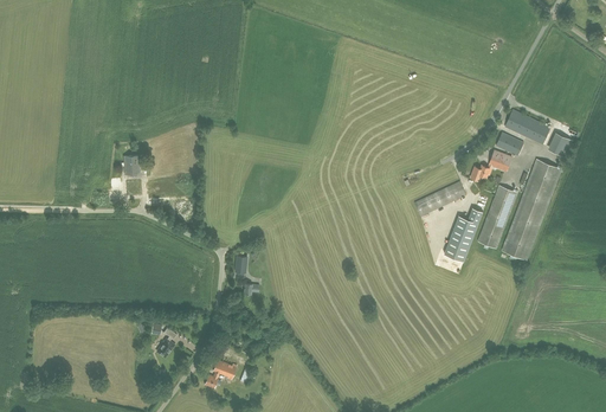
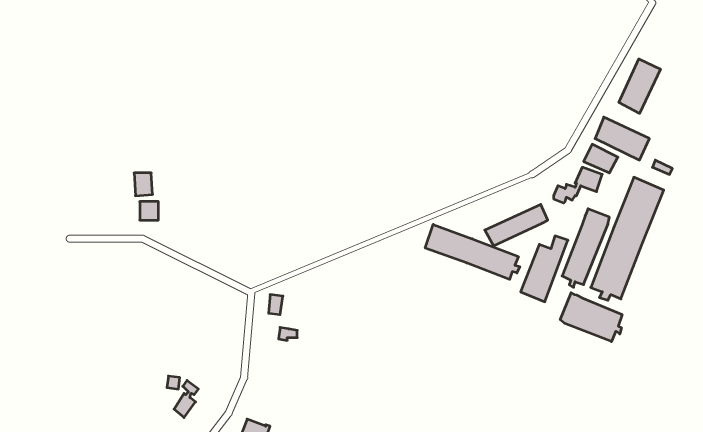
building: none -> [619,59,660,113]
building: none -> [425,224,520,279]
building: none -> [560,293,622,342]

